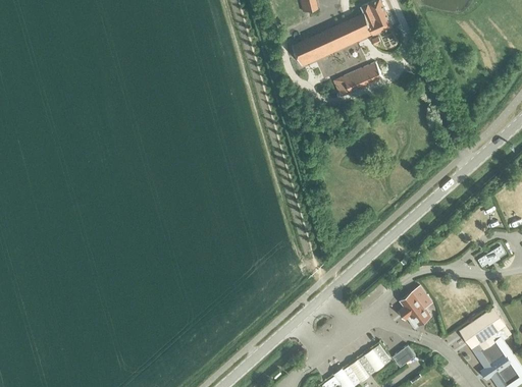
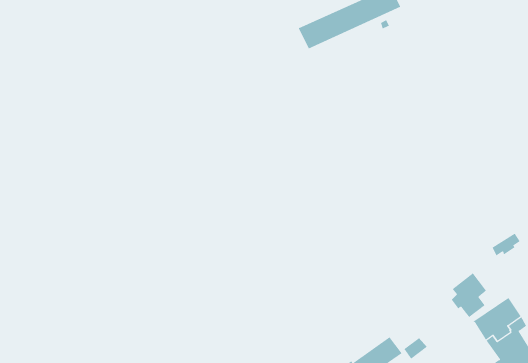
building: [332,64,381,98] -> none
building: [399,284,433,328] -> [451,272,487,318]

